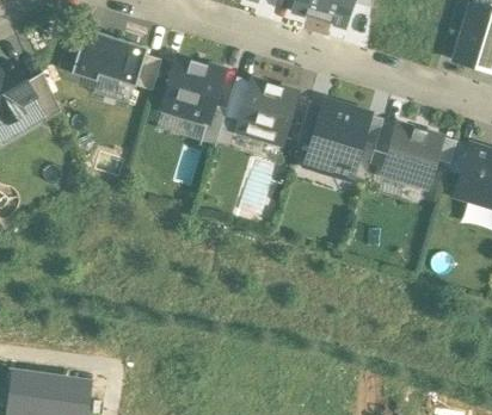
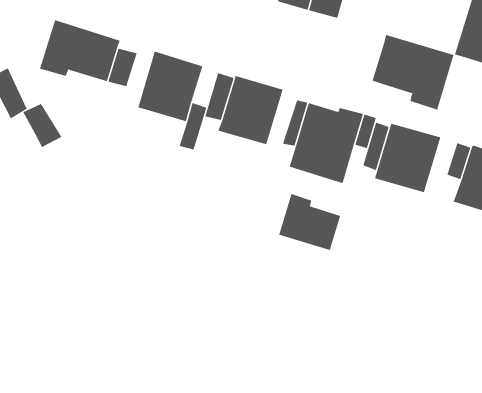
building: none -> [372,34,454,111]
building: none -> [23,103,62,148]
building: none -> [278,193,341,251]

